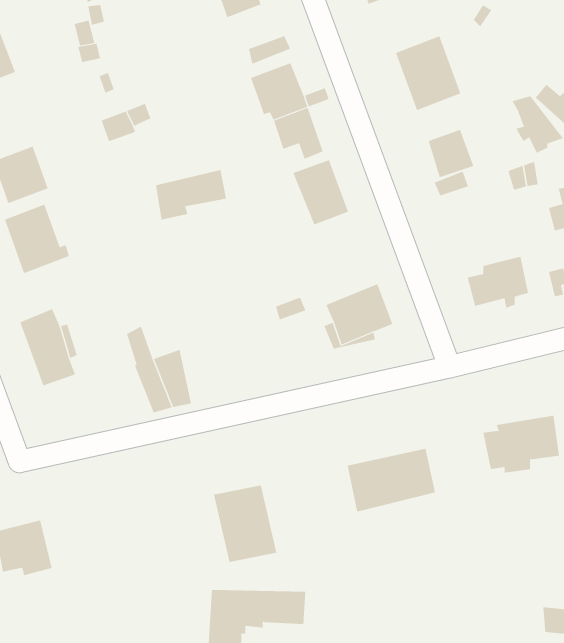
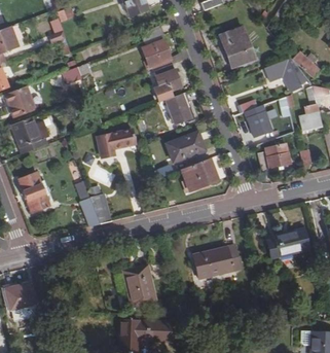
building: [428,129,474,178] -> [247,111,271,137]
building: [155,170,227,220] -> [97,128,135,154]
building: none -> [166,133,203,162]

